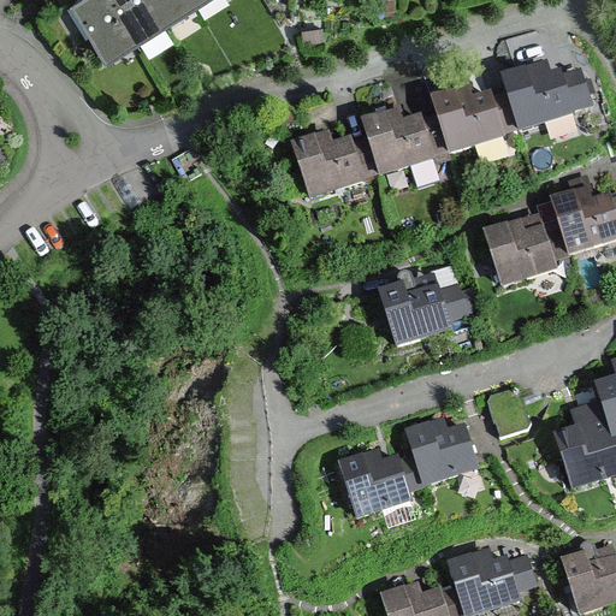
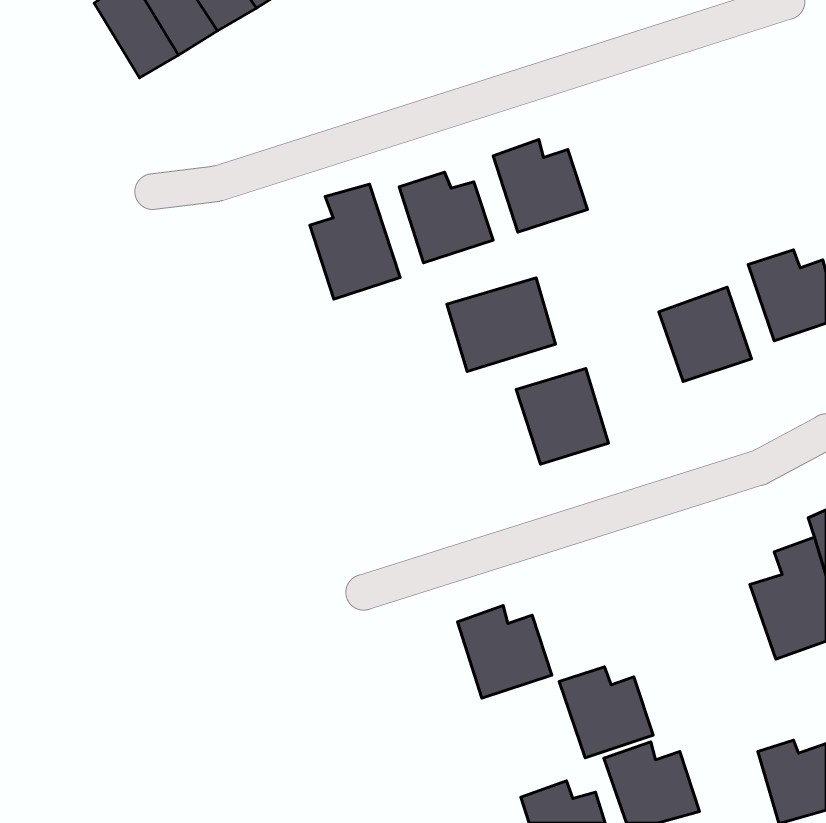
building: [504,60,574,128] -> none
building: [433,83,503,150] -> none
building: none -> [310,184,400,299]
building: none -> [447,278,556,371]
building: [408,417,478,485] -> [559,667,653,758]

